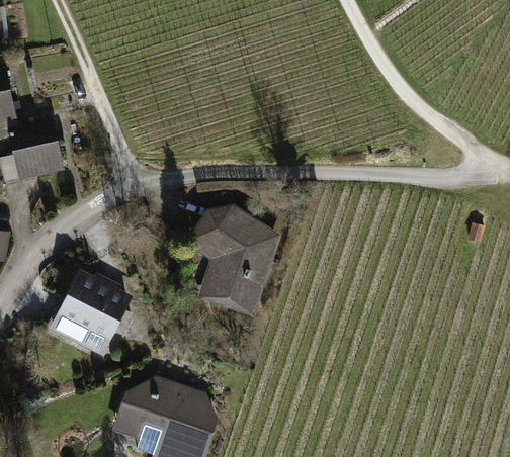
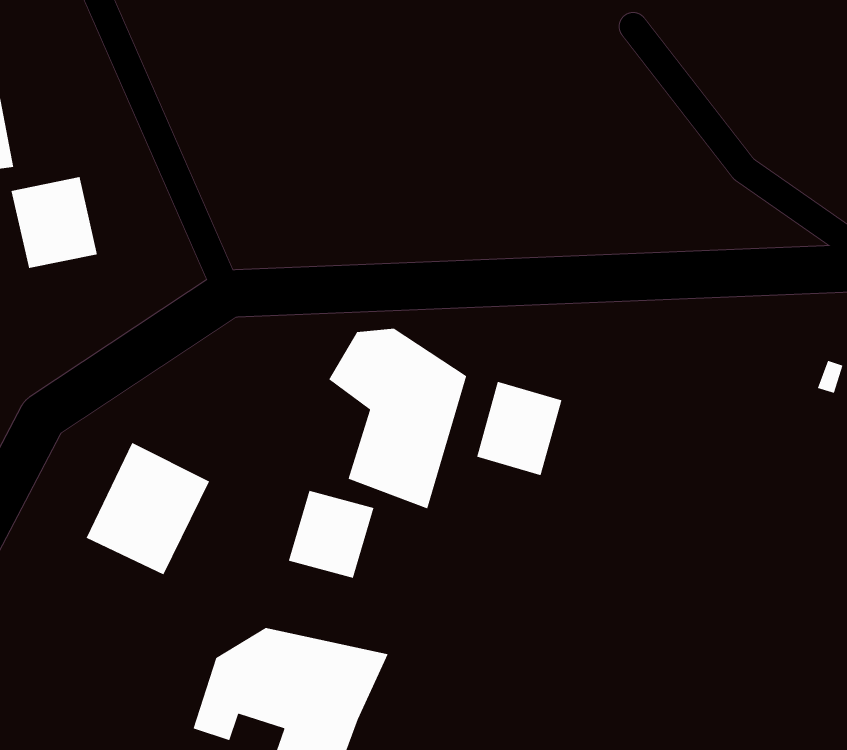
building: none -> [476,381,562,476]
building: none -> [288,490,374,579]

